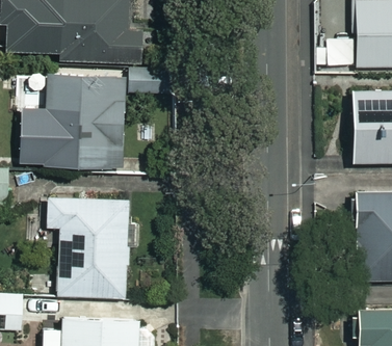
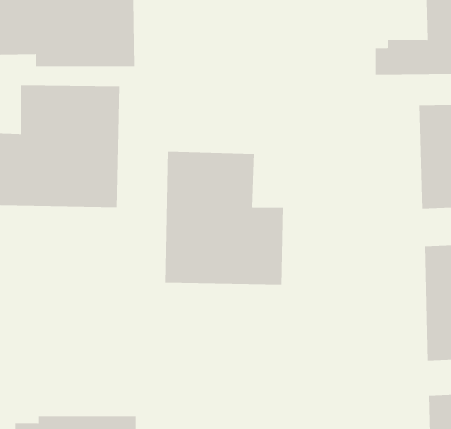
building: none -> [165,151,284,286]
building: [47,195,128,297] -> none

